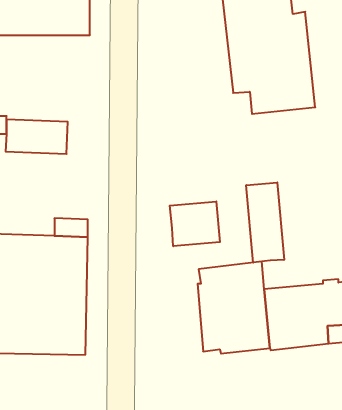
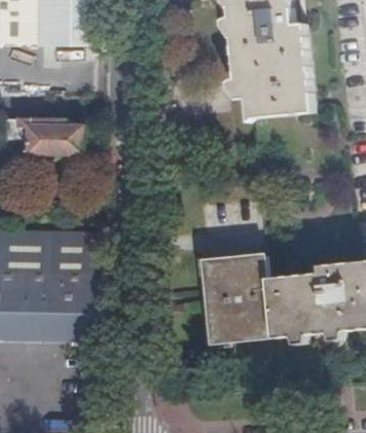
building: [246,182,284,263] -> none
building: [170,201,220,246] -> none

